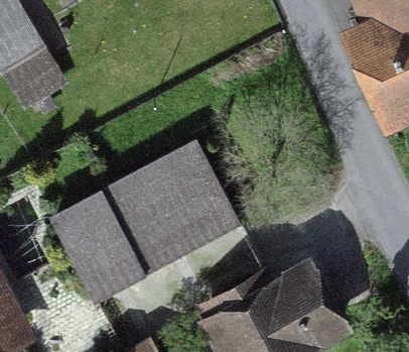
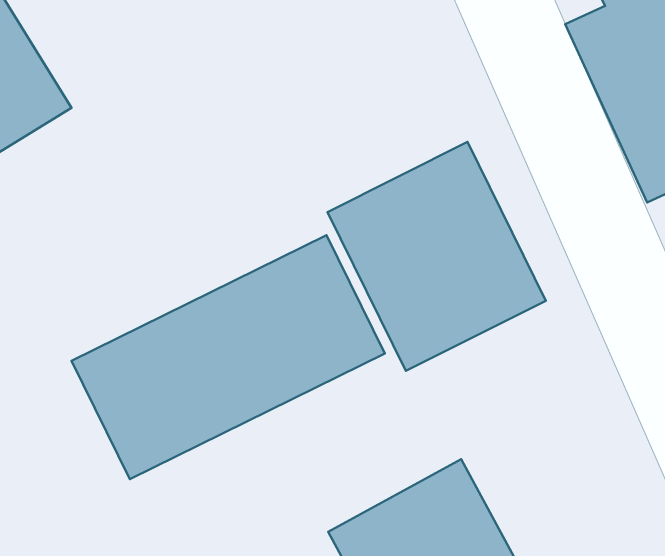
building: none -> [328,142,546,371]

